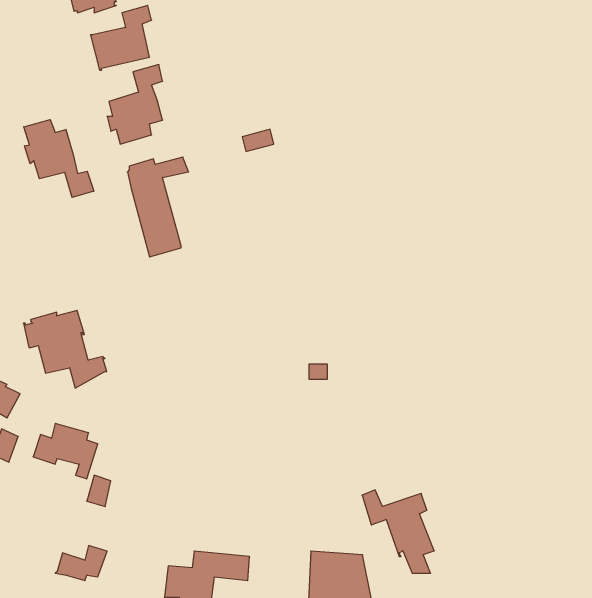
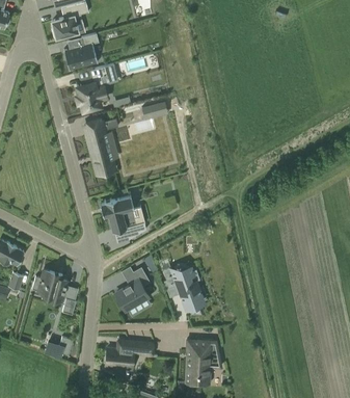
building: [24,120,94,197] -> none
building: [23,310,107,388] -> [100,195,146,239]
building: none -> [115,267,150,310]
building: [362,490,434,573] -> [163,267,204,314]

